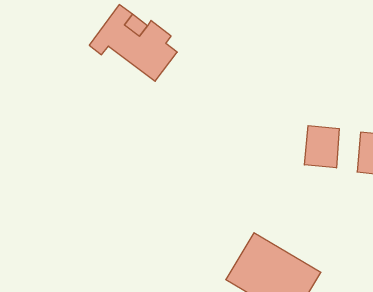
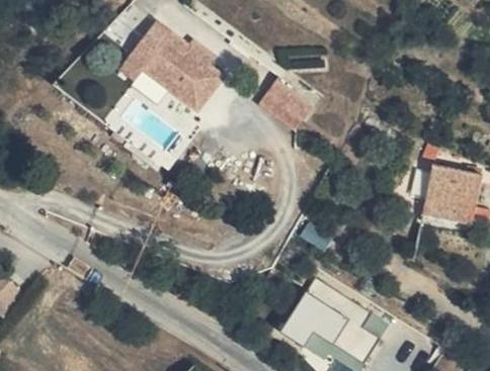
building: none -> [257,78,311,127]
building: [304,126,339,168] -> none

